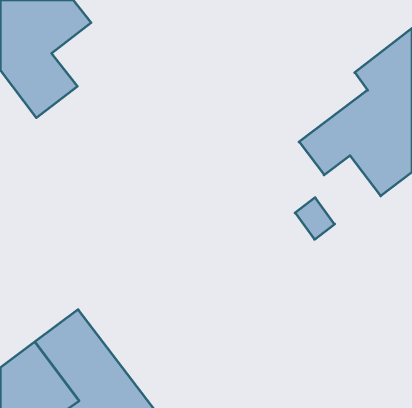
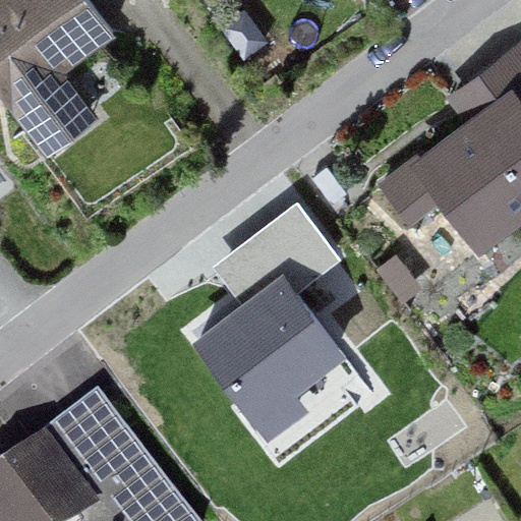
building: none -> [192,219,347,440]

